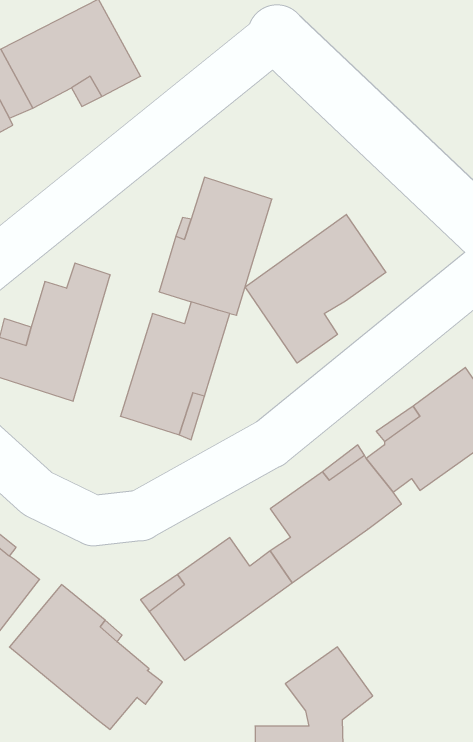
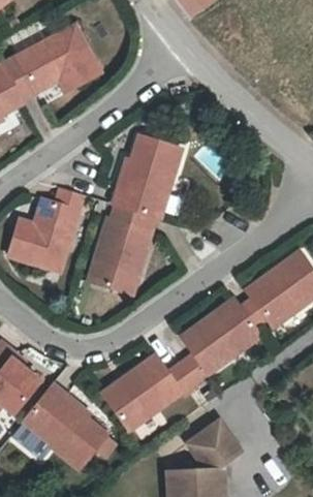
building: [245,214,386,363] -> none

